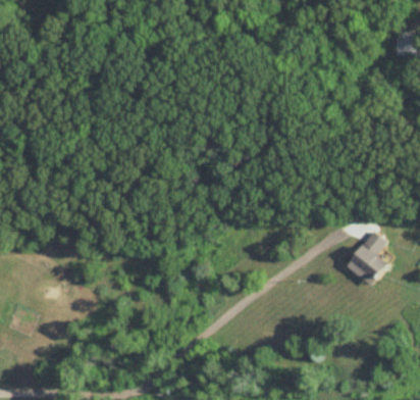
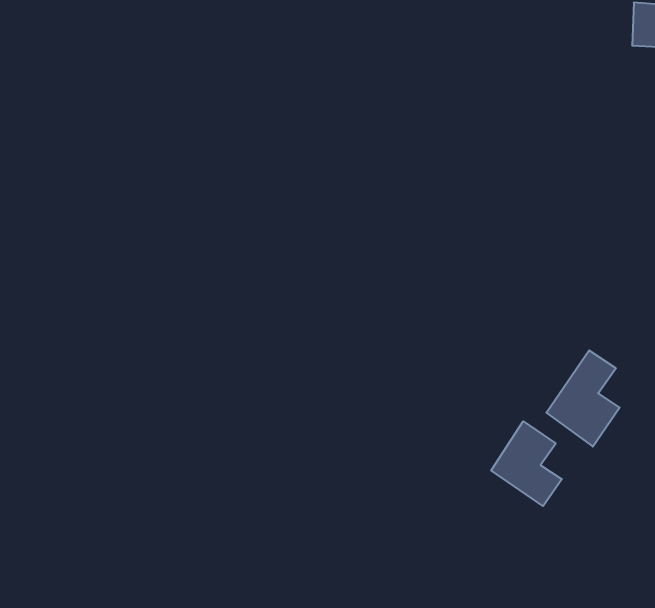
building: none -> [491,421,562,506]

